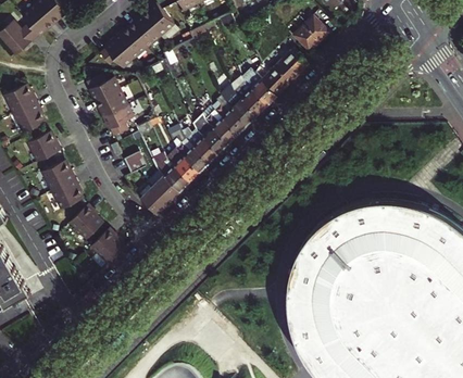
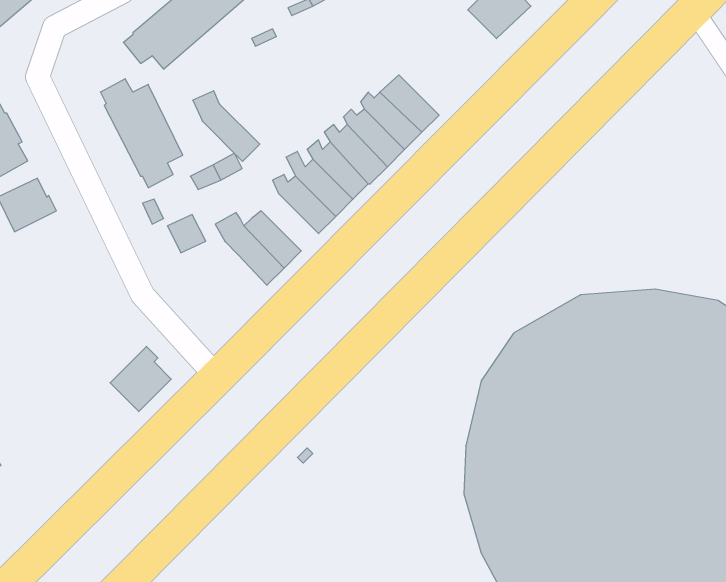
building: [261,49,308,96] -> none
building: [170,133,208,173] -> [193,91,260,161]
building: [40,161,82,209] -> none
building: [138,175,178,215] -> none
building: [67,202,103,240] -> none

